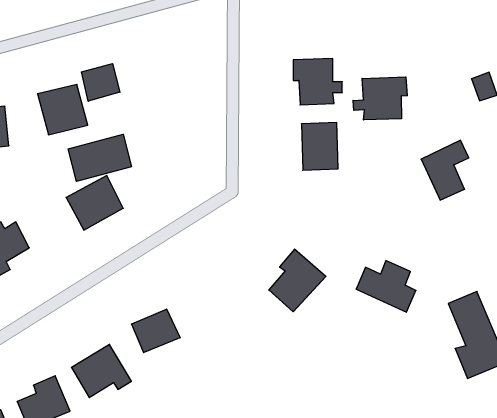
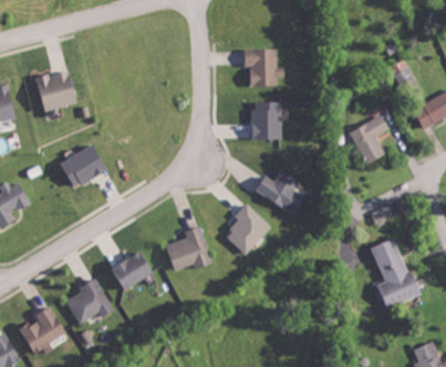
building: [82,64,120,101] -> none
building: [353,77,407,120] -> none
building: [68,134,131,181] -> none
building: [356,261,416,312] -> [255,170,303,212]
building: none -> [165,227,212,271]

